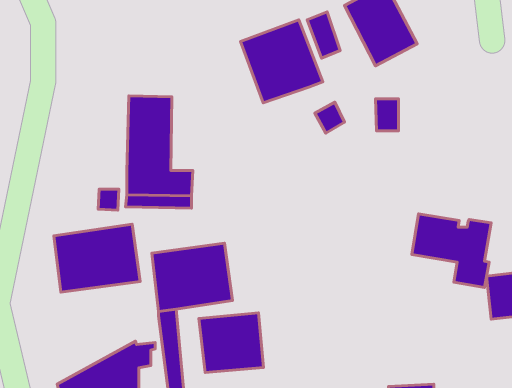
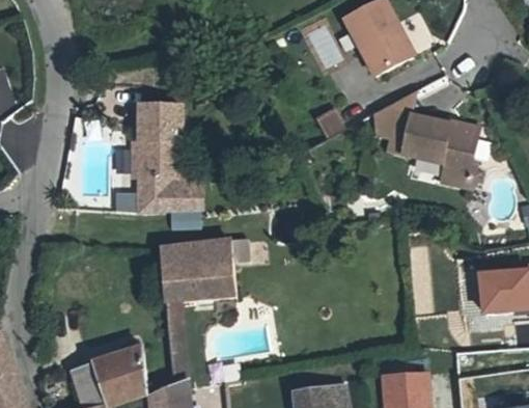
building: [240,20,323,103] -> none
building: [412,214,491,288] -> [400,116,475,186]
building: [54,224,140,292] -> none
building: [199,313,264,373] -> none

